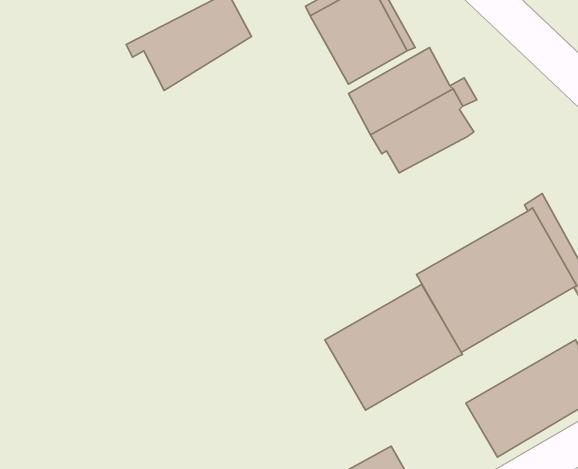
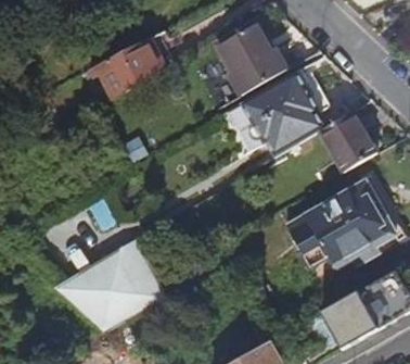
building: none -> [320,112,376,170]
building: [325,284,462,410] -> none
building: none -> [50,241,166,335]

